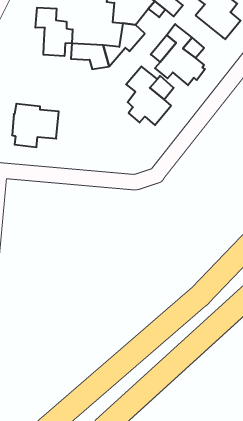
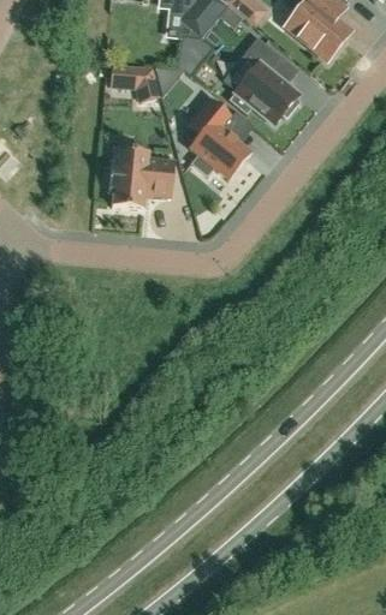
building: [35,8,73,56] -> none
building: [12,104,59,147] -> [107,148,173,209]

